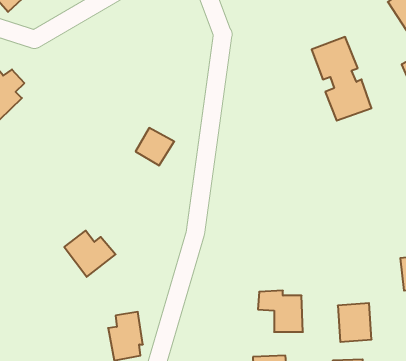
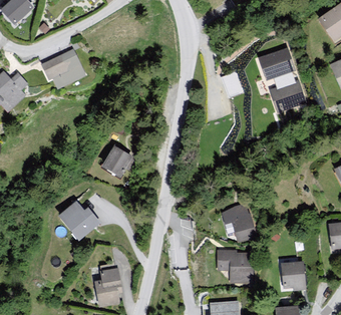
building: none -> [42,49,85,87]
building: [136,128,174,165] -> [102,147,133,178]
building: none -> [222,200,258,242]

